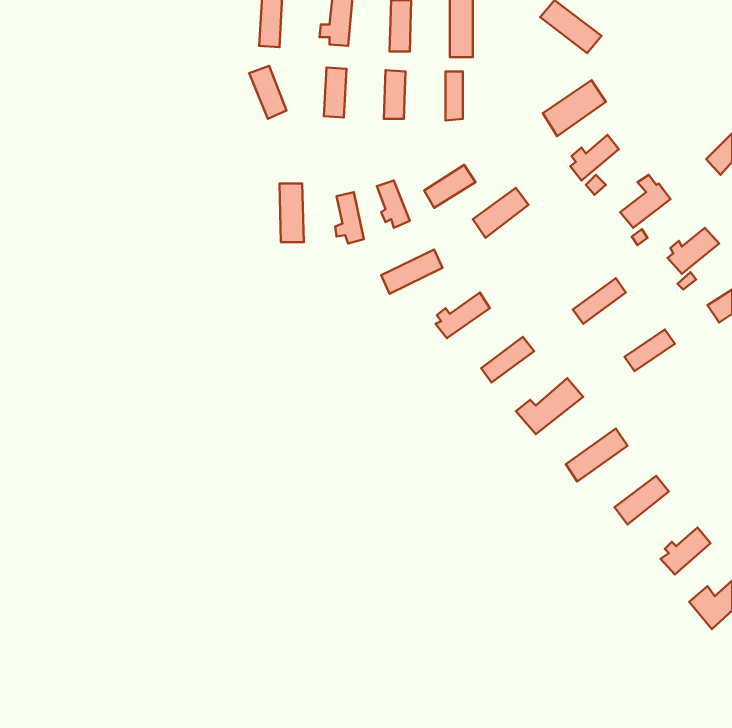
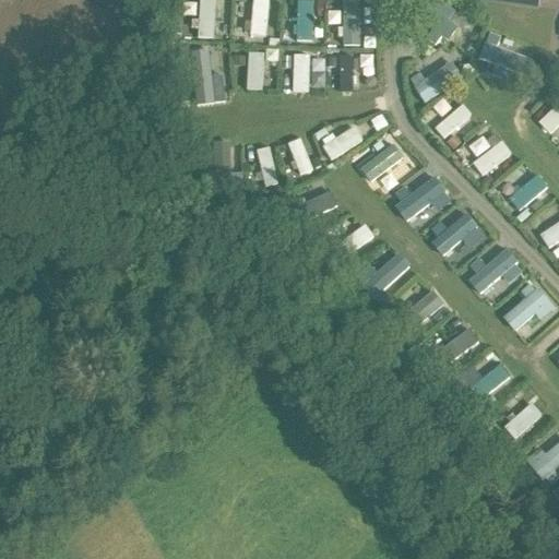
building: none -> [478,41,532,75]
building: none -> [400,179,441,214]
building: none -> [502,287,549,331]

